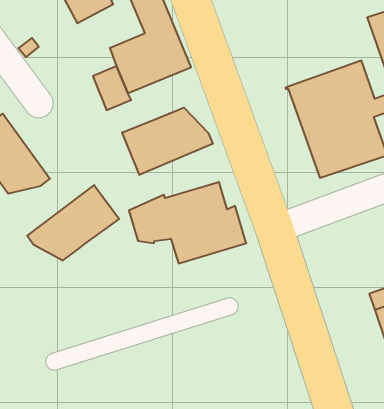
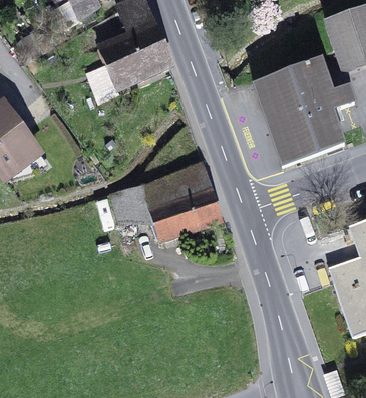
building: [122,108,213,175] -> none
building: [27,185,119,261] -> none

